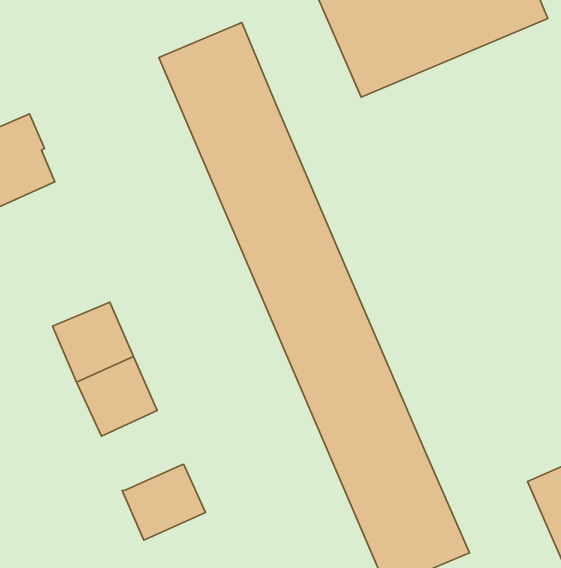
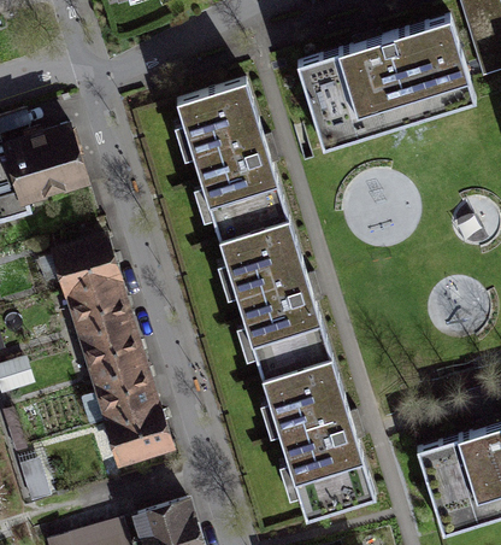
building: none -> [55,239,118,293]
building: none -> [98,365,157,423]

